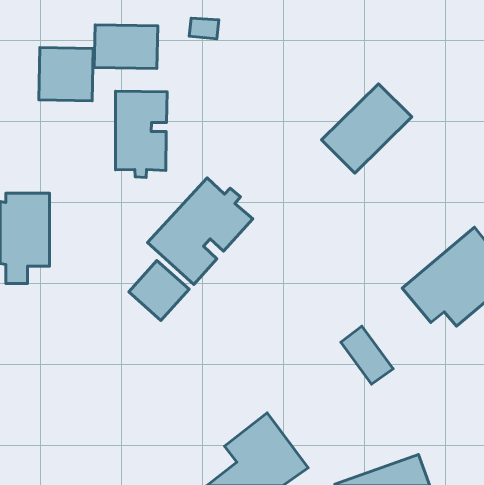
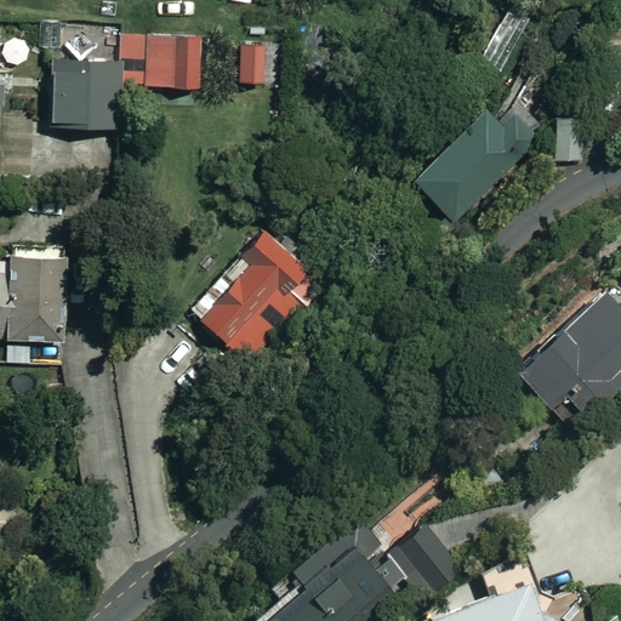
building: [115,91,167,177] -> none
building: [129,261,189,321] -> none
building: [341,326,393,384] -> [397,518,463,592]

